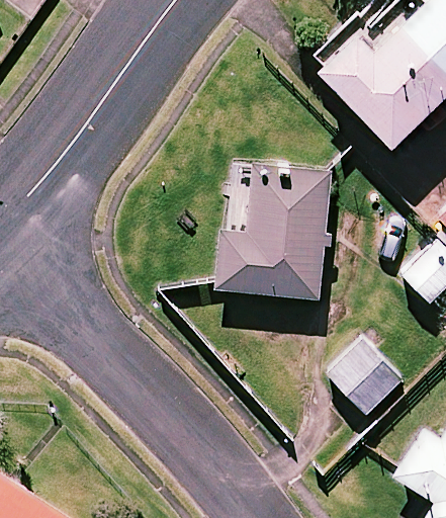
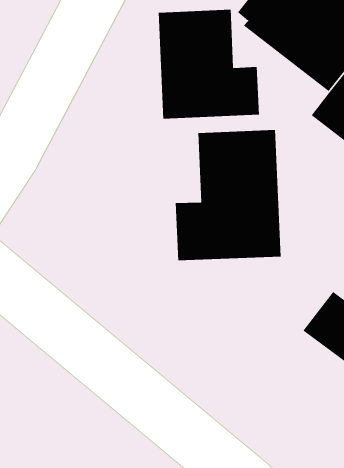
building: none -> [158,9,259,120]

